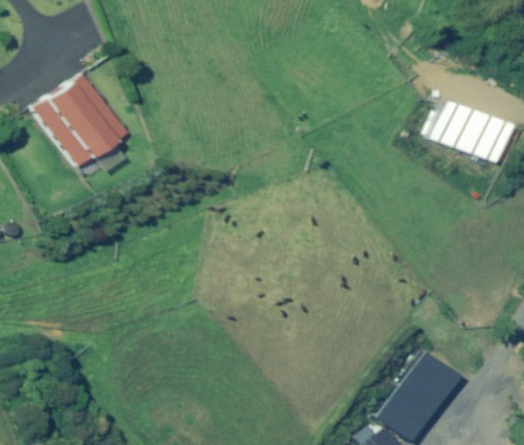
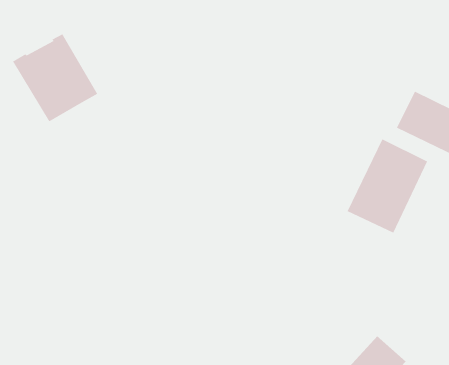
building: none -> [347,138,428,233]

